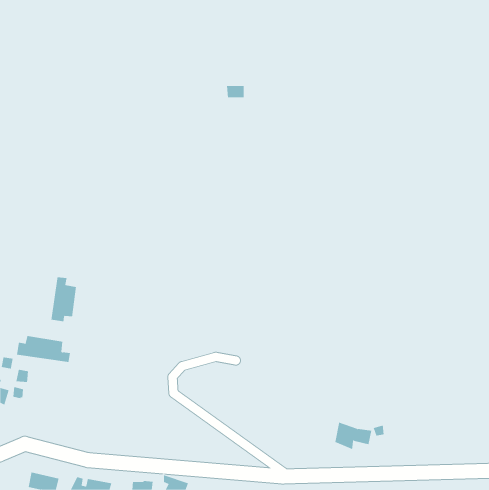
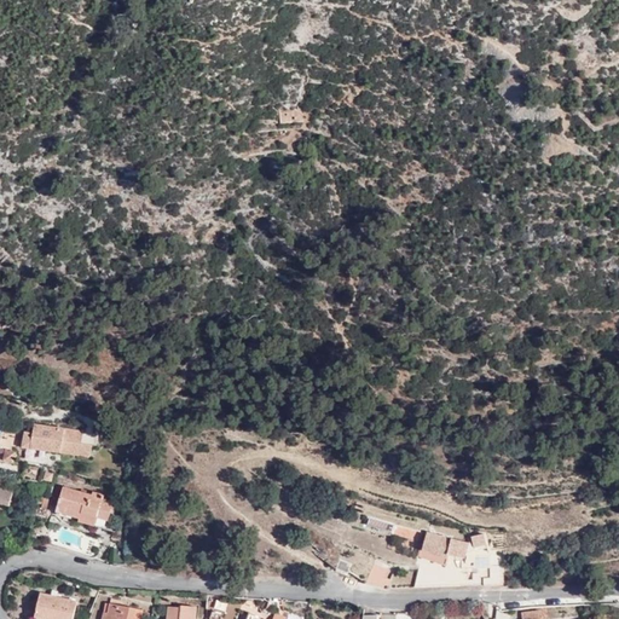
building: [51,277,77,322] -> none
building: none -> [56,487,111,526]

